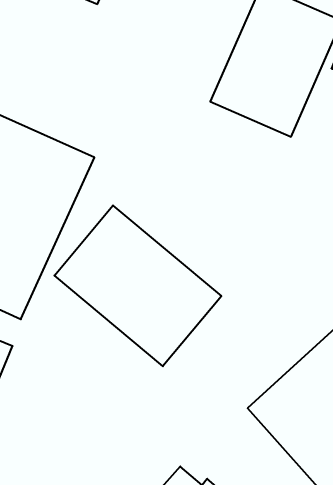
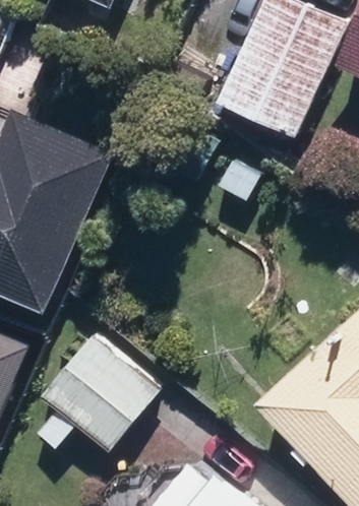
building: [54,205,221,366] -> none
building: none -> [39,332,165,450]

